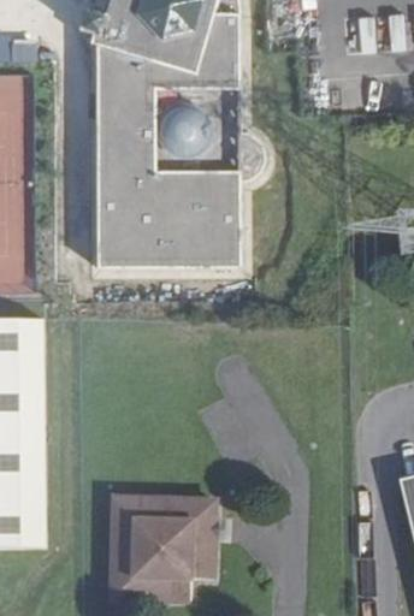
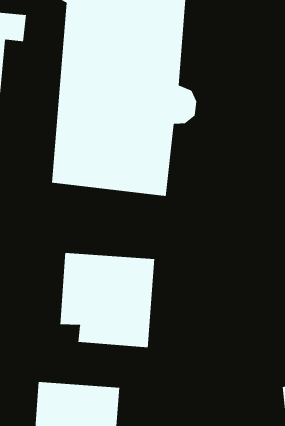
building: none -> [60,252,155,348]

